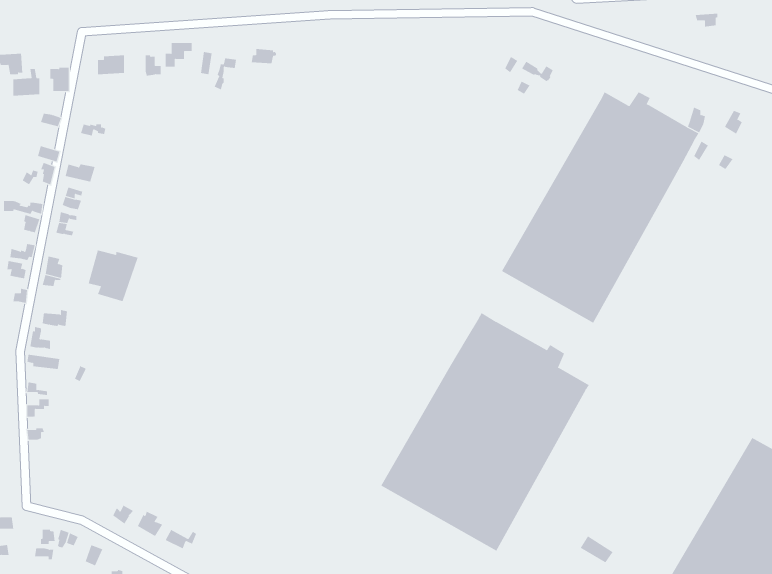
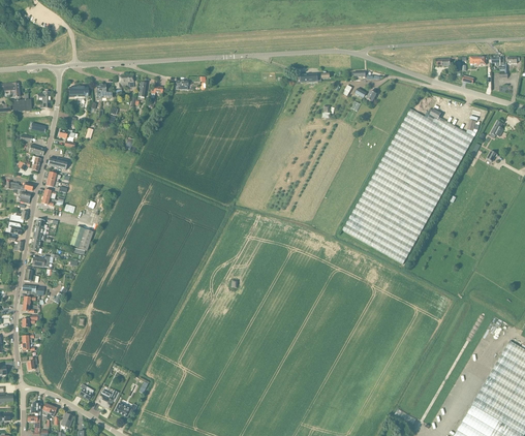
building: [380,312,590,551] -> none

